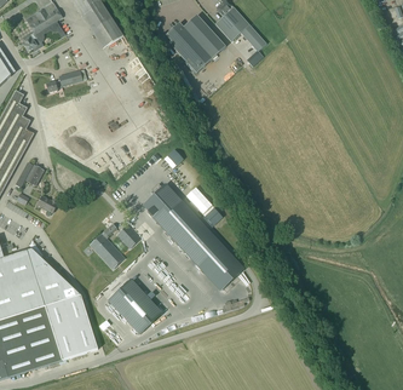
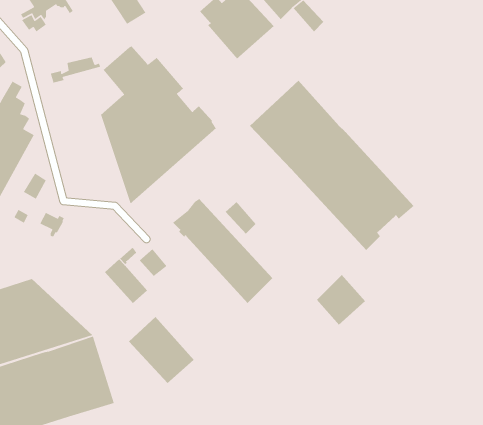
building: none -> [100,45,217,205]
building: none -> [249,80,415,251]
building: [203,248,243,289] -> [316,274,366,325]

